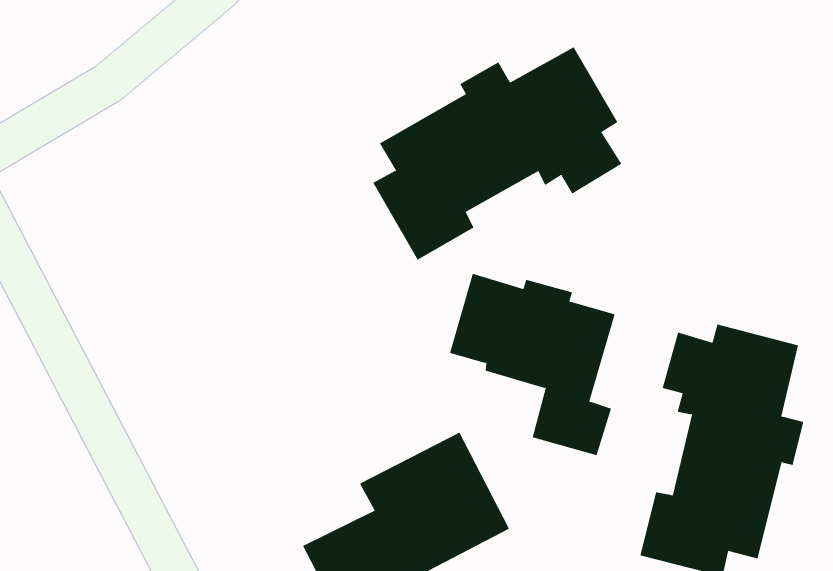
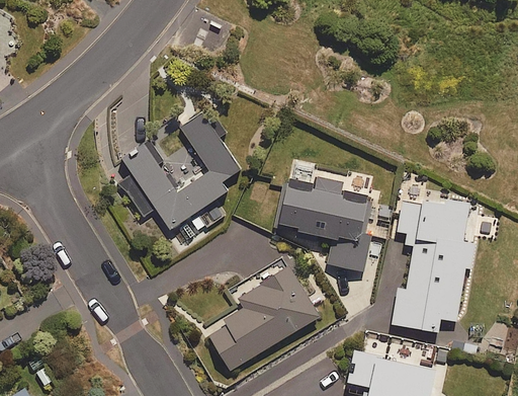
building: [372,46,622,260] -> none
building: none -> [119,110,244,231]

